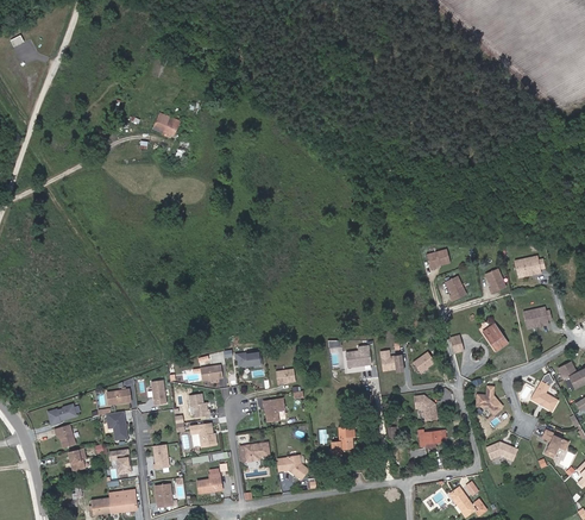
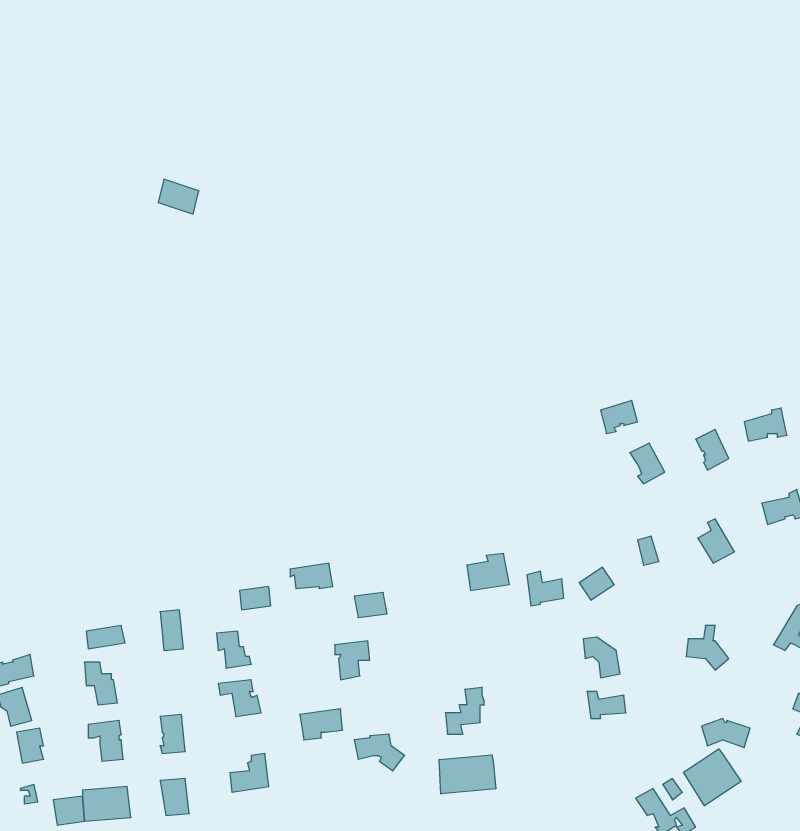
building: none -> [683,749,741,806]
building: none -> [439,755,496,794]

